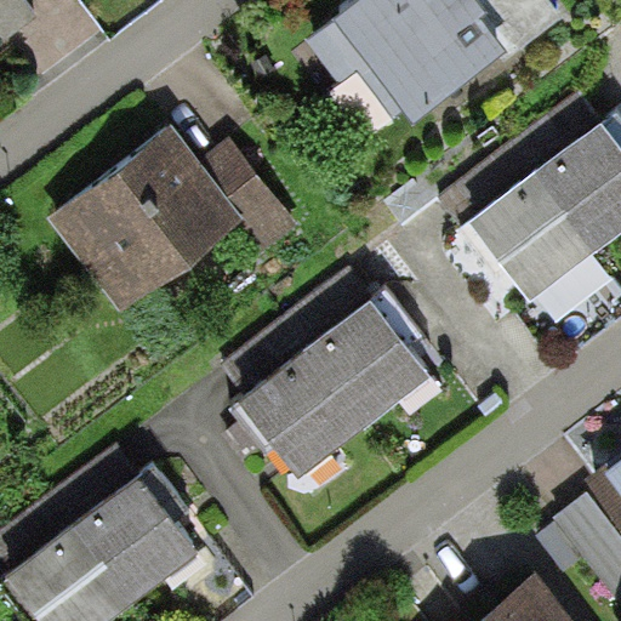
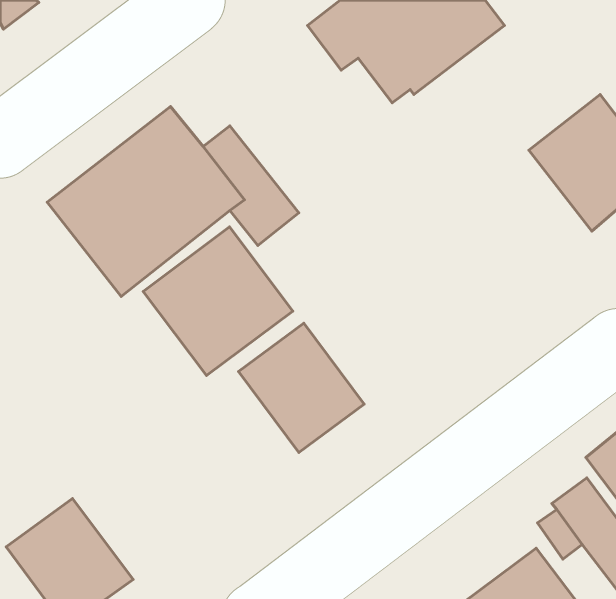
building: [473,170,596,300] -> none
building: none -> [143,227,293,376]
building: [307,291,435,425] -> none
building: [75,469,203,600] -> none

